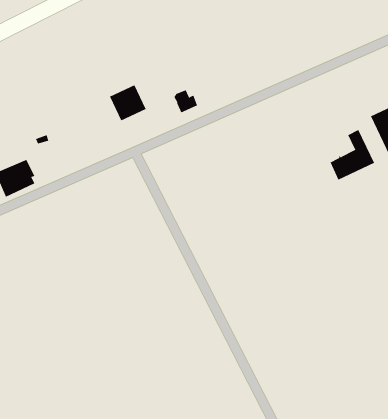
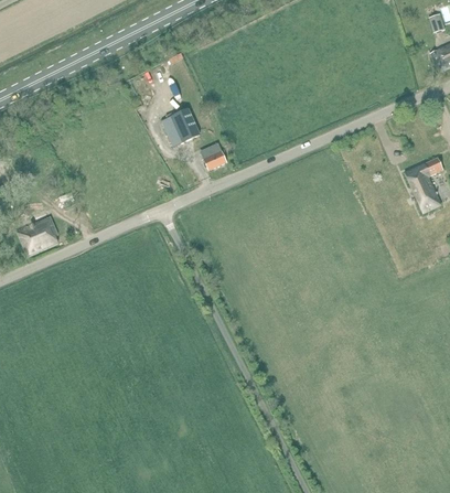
building: [109,85,147,121] -> [162,107,201,144]
building: [330,129,375,181] -> none

